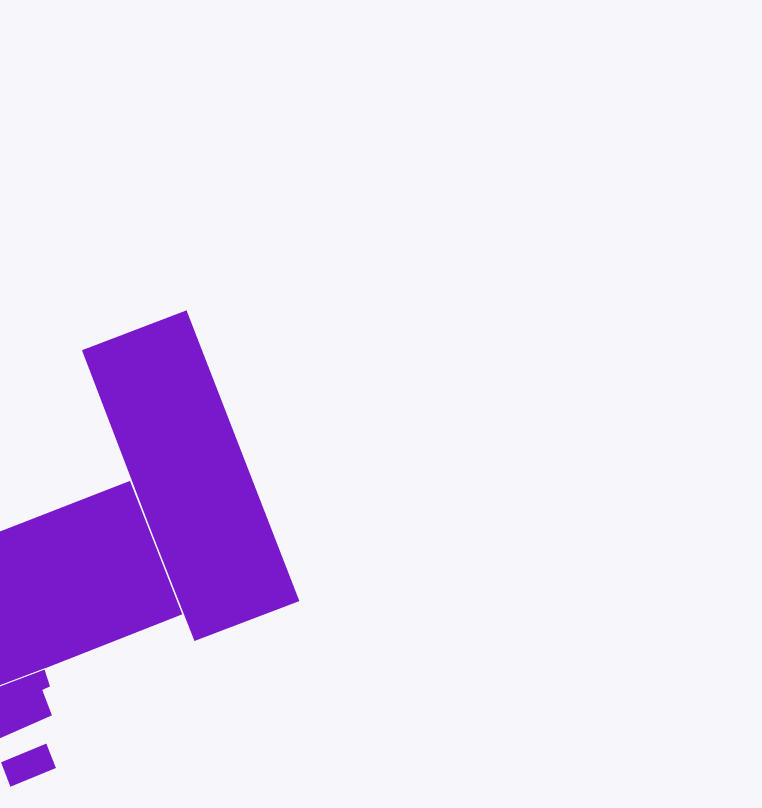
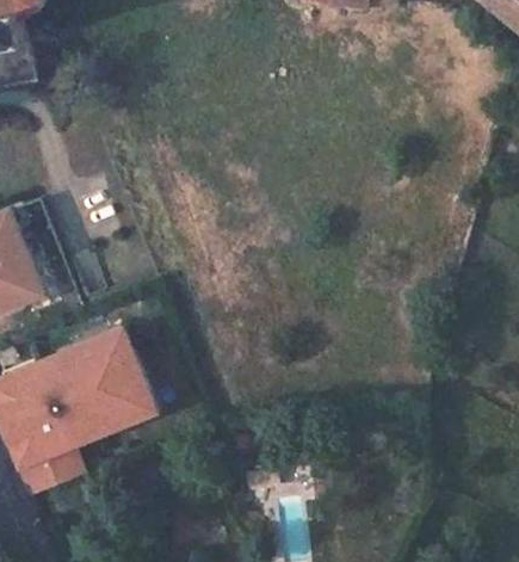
building: [81,310,300,642] -> none

